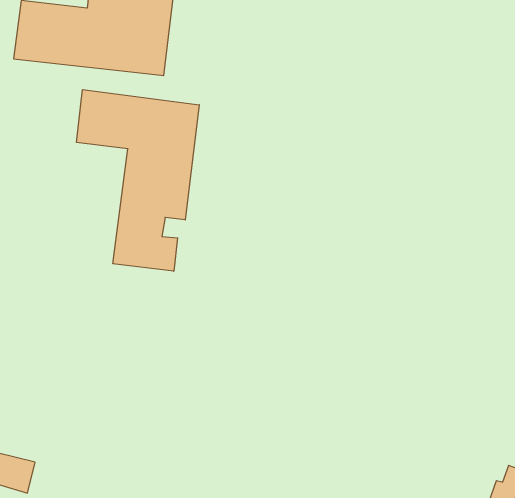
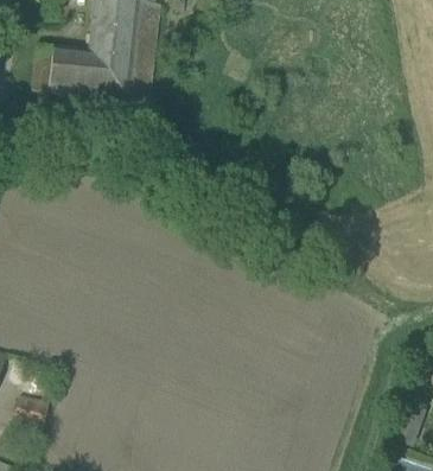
building: [77,90,199,271] -> none

